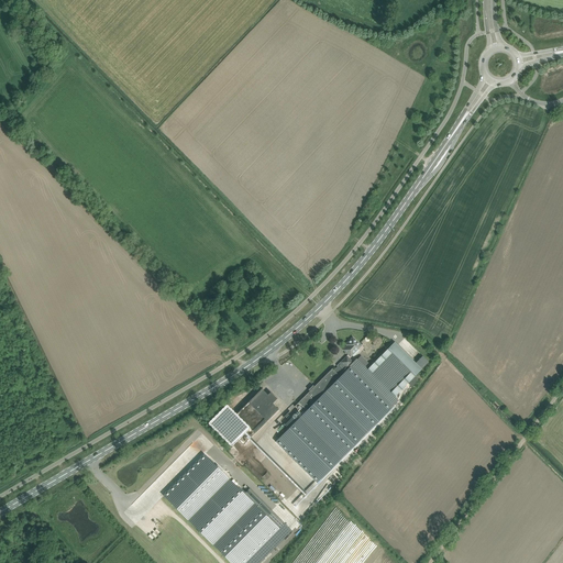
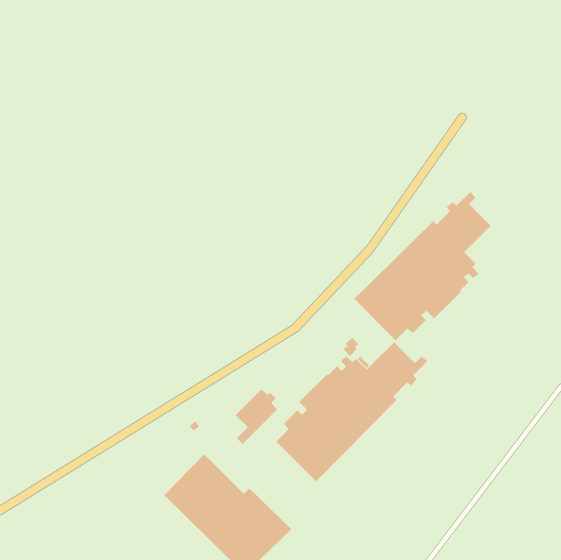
building: none -> [353,191,491,341]
building: [208,406,247,448] -> none

